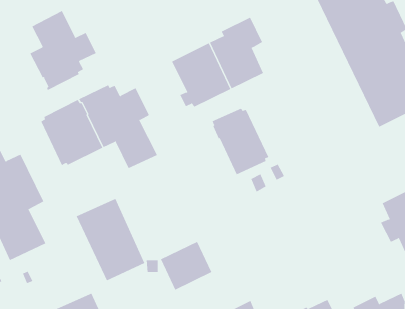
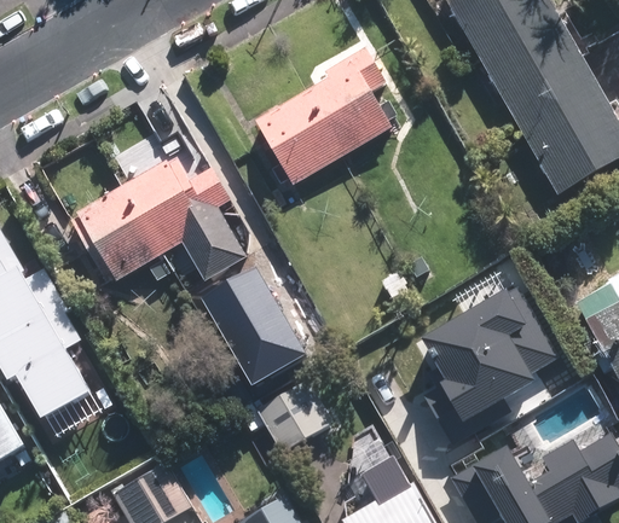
building: [29,10,96,91] -> none
building: [212,108,269,175] -> none
building: none -> [418,286,560,444]
building: [76,198,145,281] -> [201,262,306,383]

